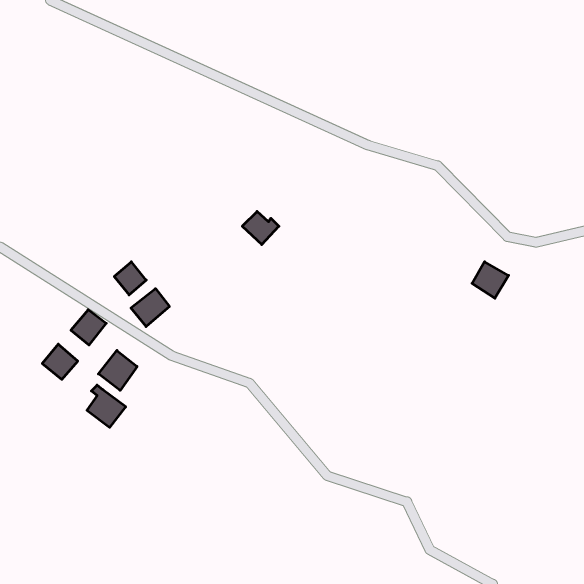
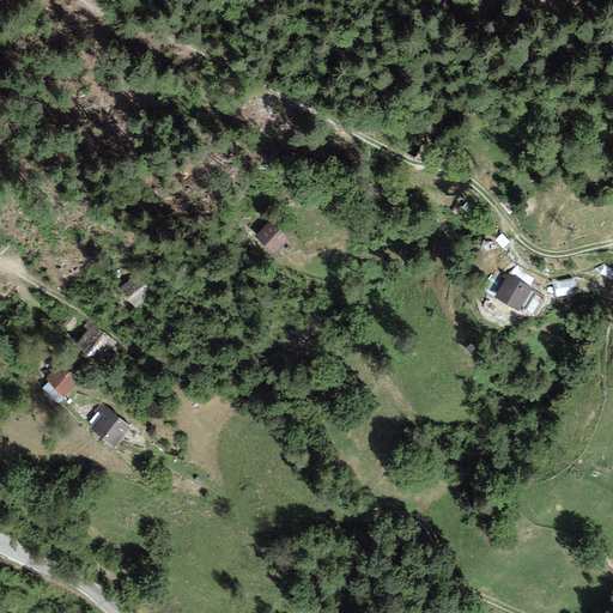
building: [131,289,169,327] -> none
building: [98,350,137,390] -> none

